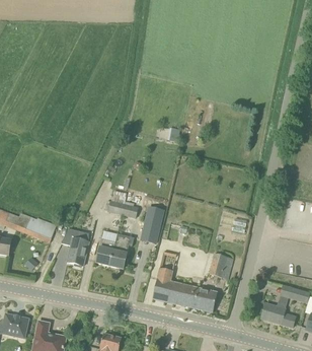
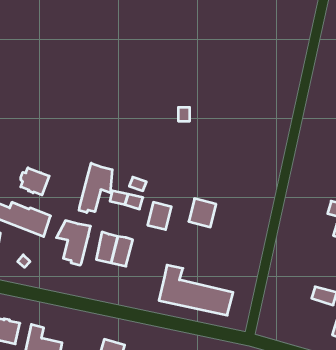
building: none -> [79,163,112,213]
building: none -> [21,168,49,195]
building: [209,253,233,278] -> [189,199,216,227]
building: [261,299,296,327] -> none

